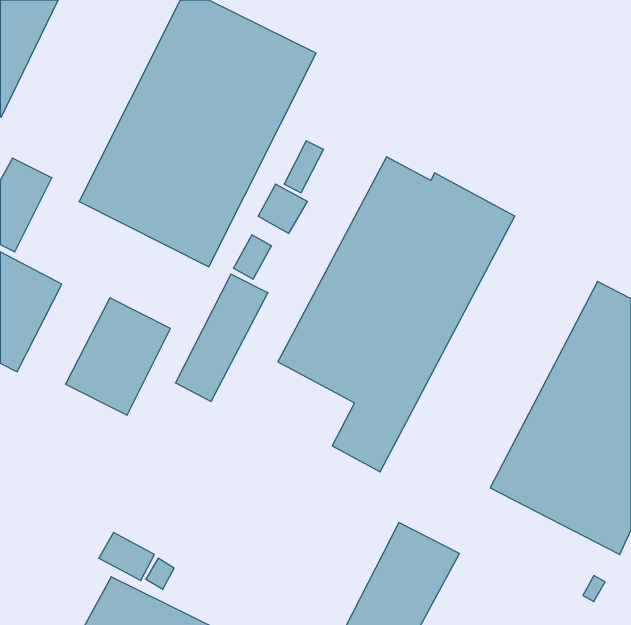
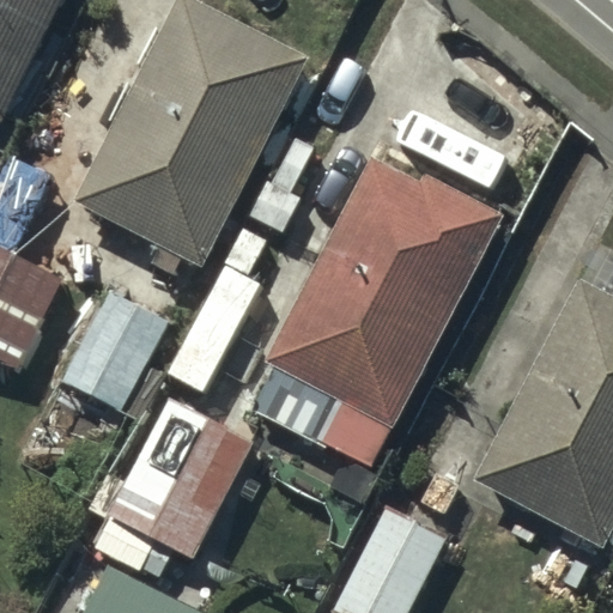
building: none -> [110,401,251,557]

